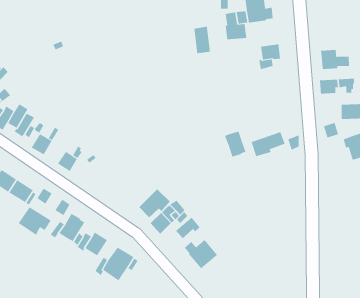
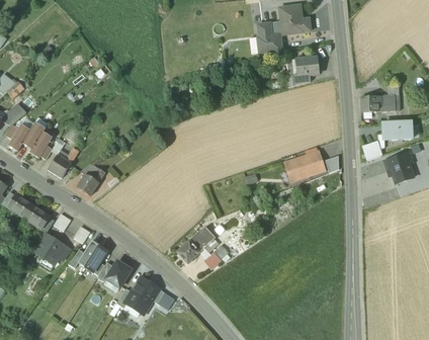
building: [194,26,211,54] -> none
building: [321,49,349,70] -> none
building: [224,131,246,158] -> none
building: [139,189,171,218] -> none
building: [184,239,218,269] -> none

